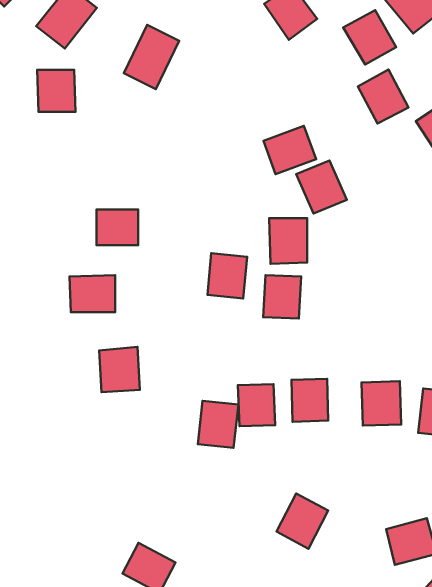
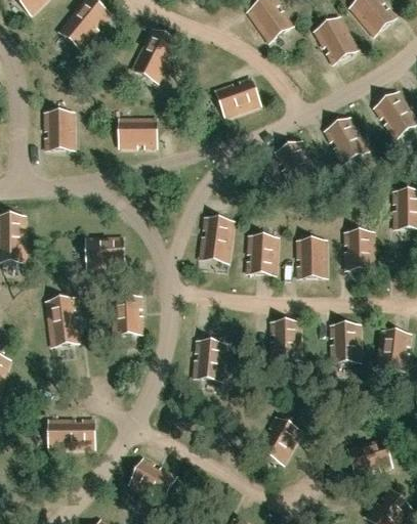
building: [358,69,408,124] -> [325,117,367,162]
building: [37,70,76,112] -> [44,112,76,146]
building: [263,126,316,174] -> [215,76,259,116]
building: [96,210,138,245] -> [120,116,155,145]
building: [269,218,307,264] -> [296,239,328,277]
building: none -> [344,231,375,268]
building: none -> [45,297,82,344]
building: [238,384,275,426] -> none
building: none -> [49,418,93,448]

